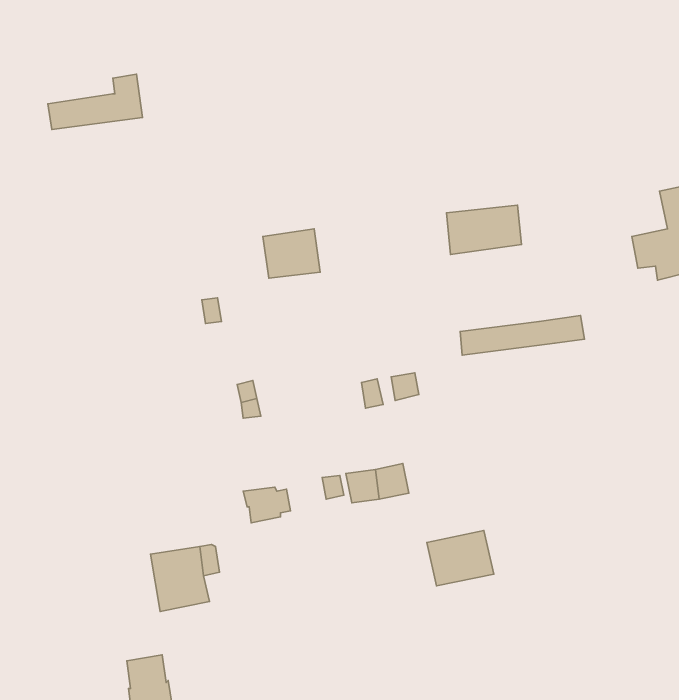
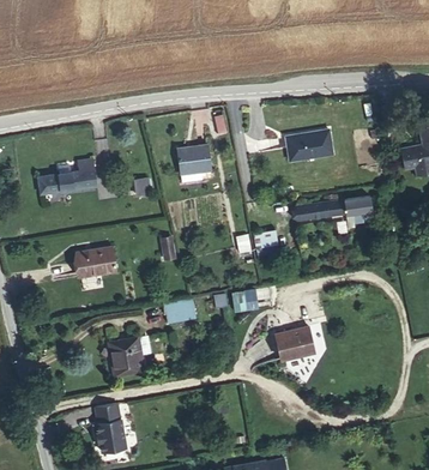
building: [48,74,143,129] -> [38,159,96,193]
building: none -> [75,246,116,277]

